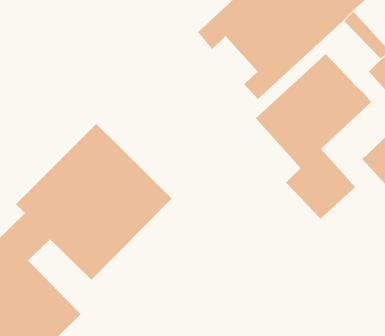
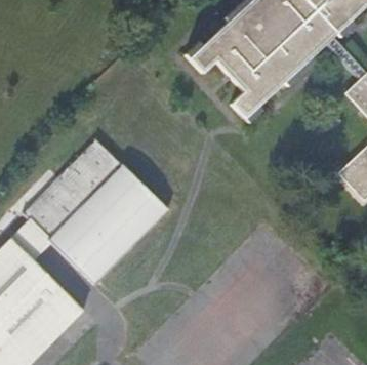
building: [255,53,372,219] -> none

